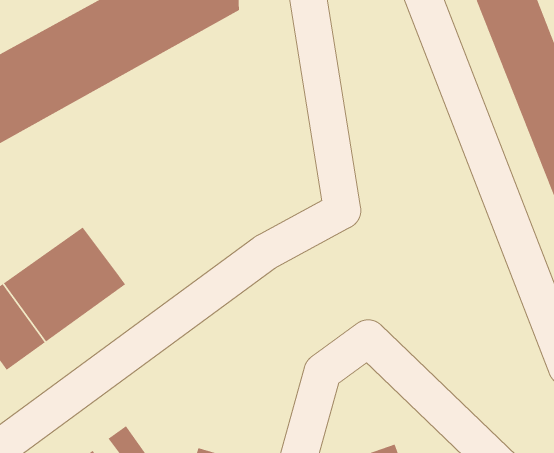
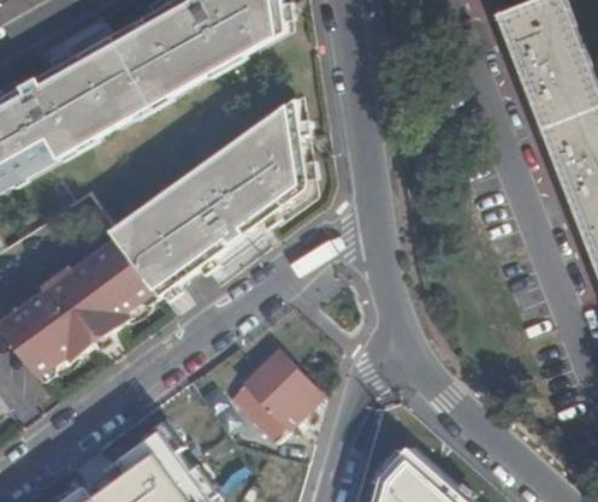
building: none -> [111,102,301,287]
building: none -> [229,355,320,445]

